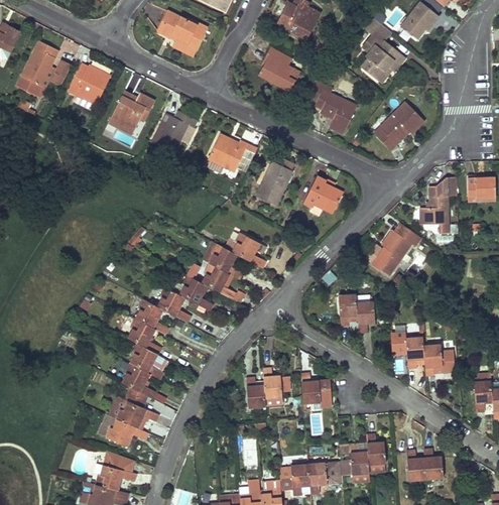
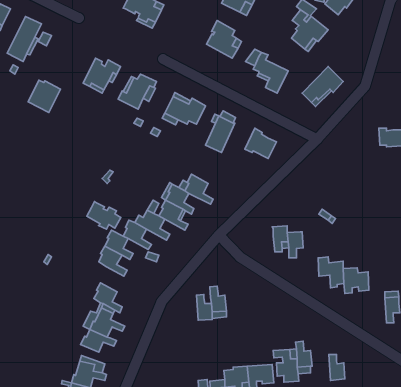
building: [70,65,109,104] -> [28,80,61,113]
building: [420,177,457,233] -> none
building: [365,223,420,275] -> none
building: none -> [87,202,121,229]
building: [130,344,164,380] -> none
building: [301,372,332,407] -> none
building: [422,448,443,479] -> none

